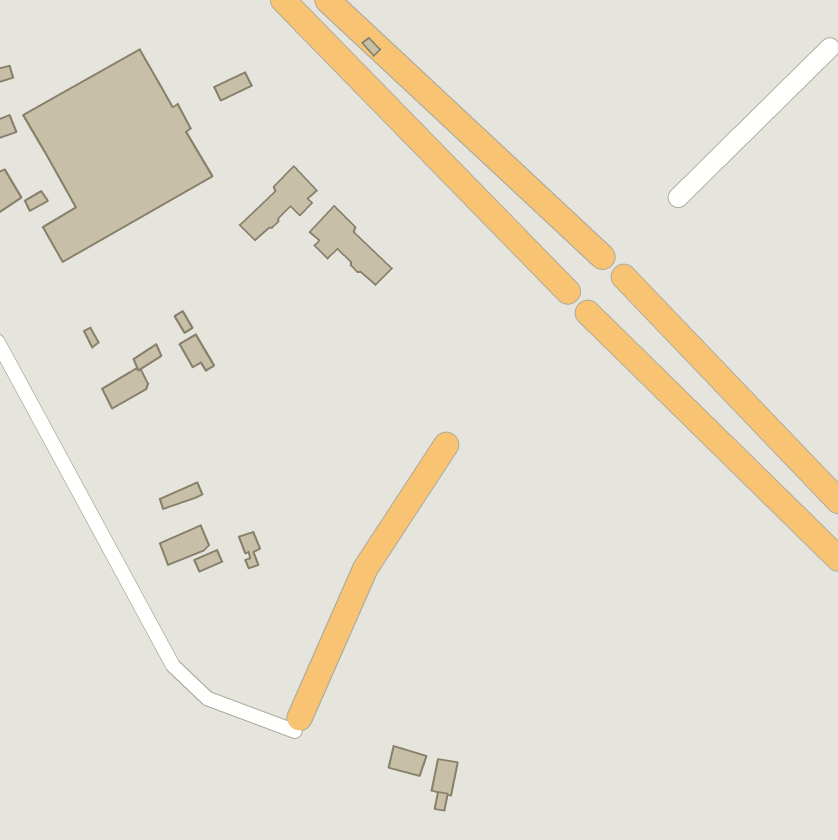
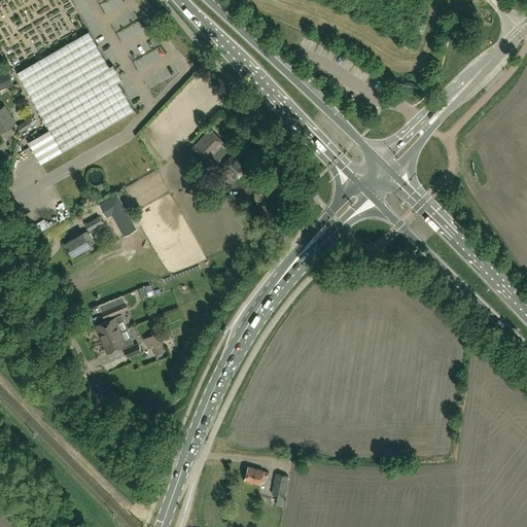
building: [240,166,317,240] -> none
building: none -> [94,318,126,341]

